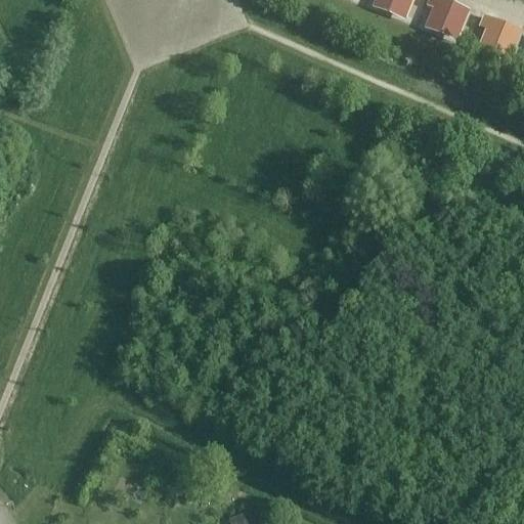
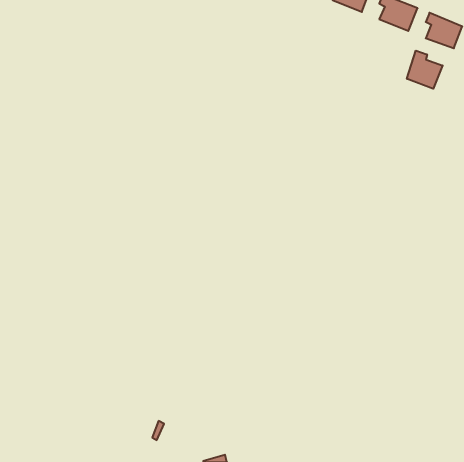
building: none -> [407,51,443,89]

